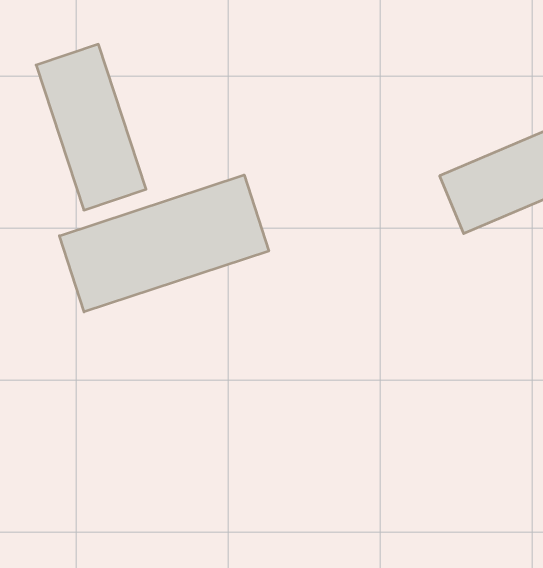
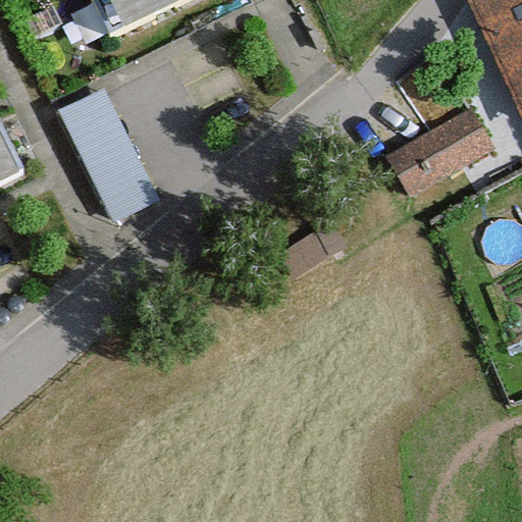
building: [59,175,269,312] -> none

